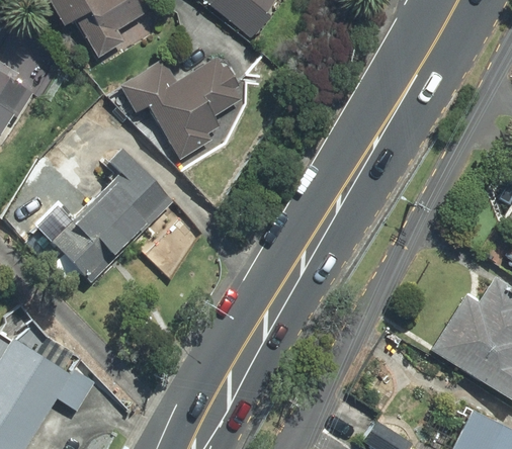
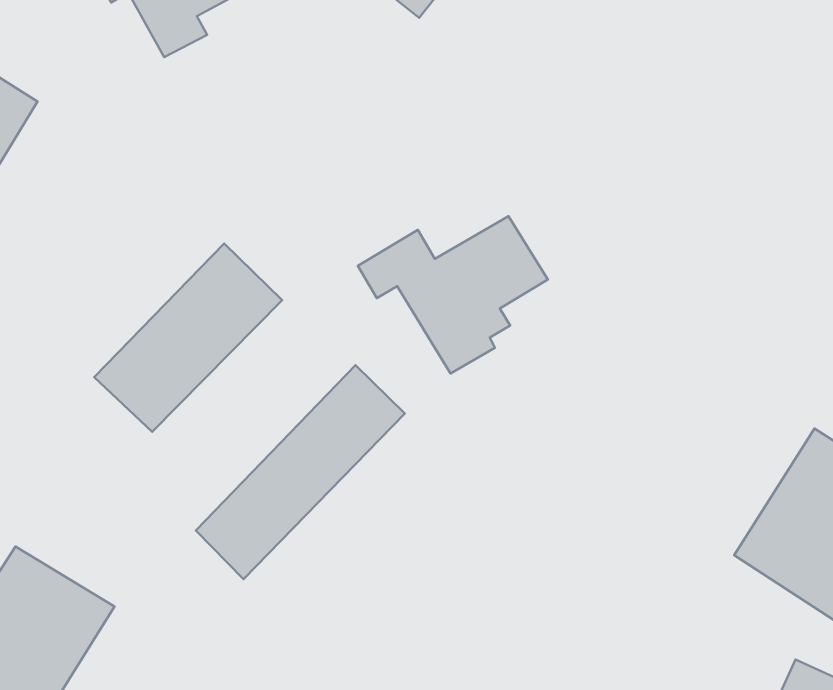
building: [129,61,241,154] -> [358,216,548,374]
building: none -> [196,365,405,579]

